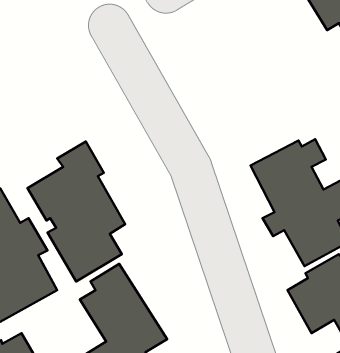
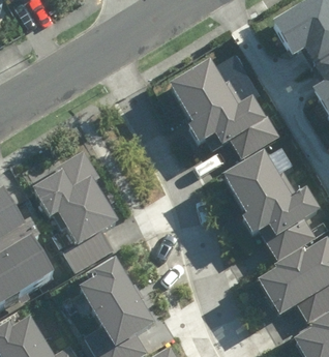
building: none -> [170,56,277,157]

